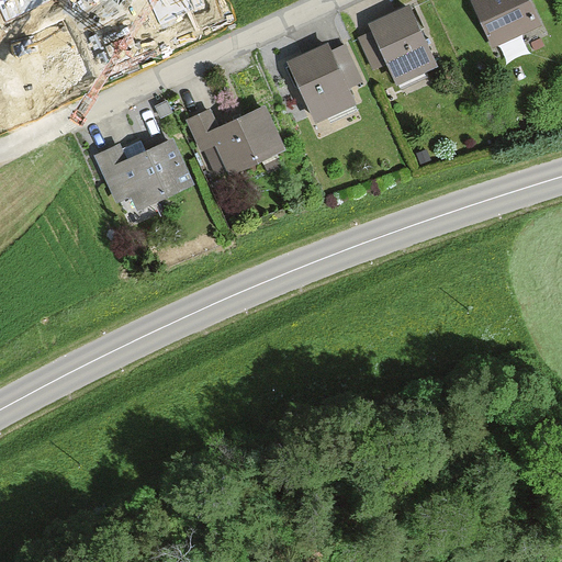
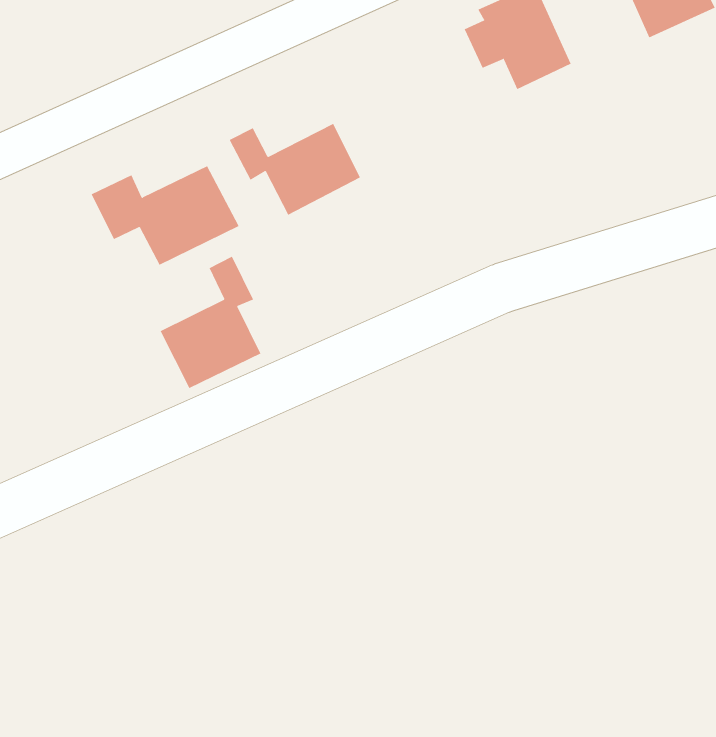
building: [288,44,360,124] -> none
building: none -> [160,256,261,389]

